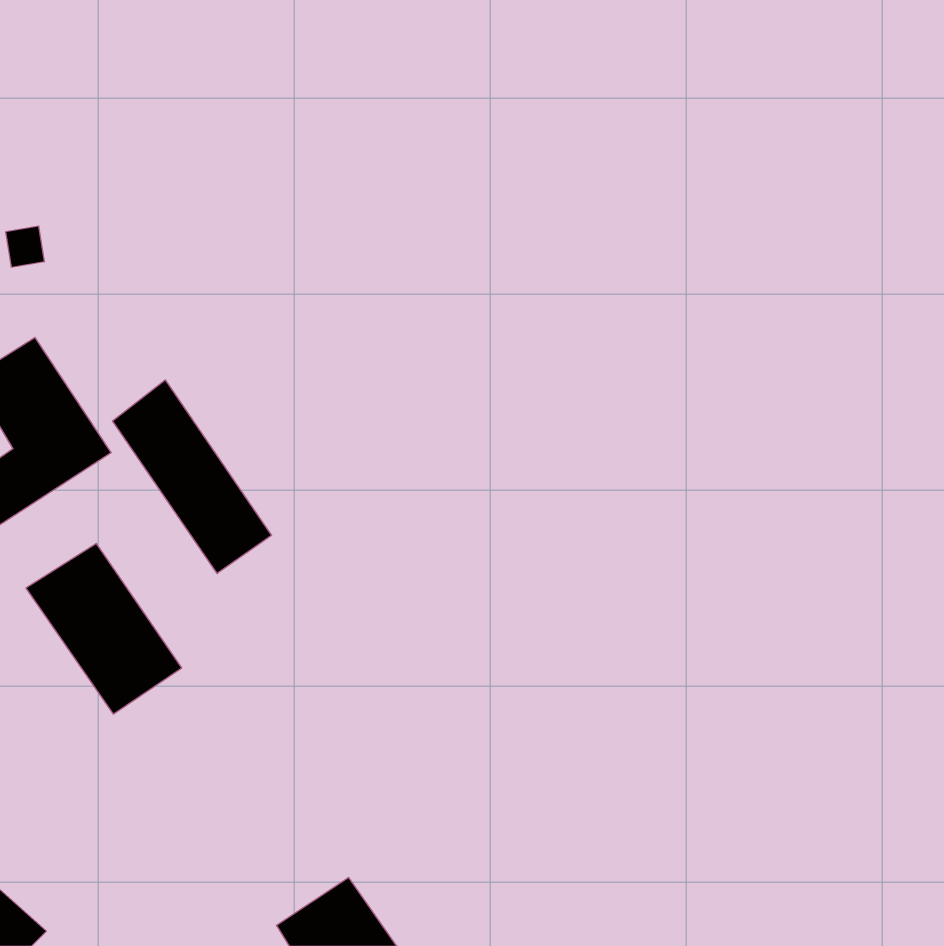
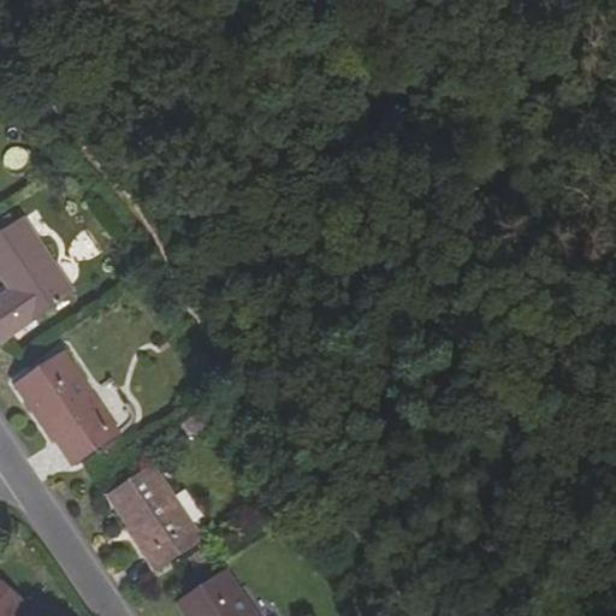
building: [112,380,272,574] -> none
building: none -> [108,466,200,569]

